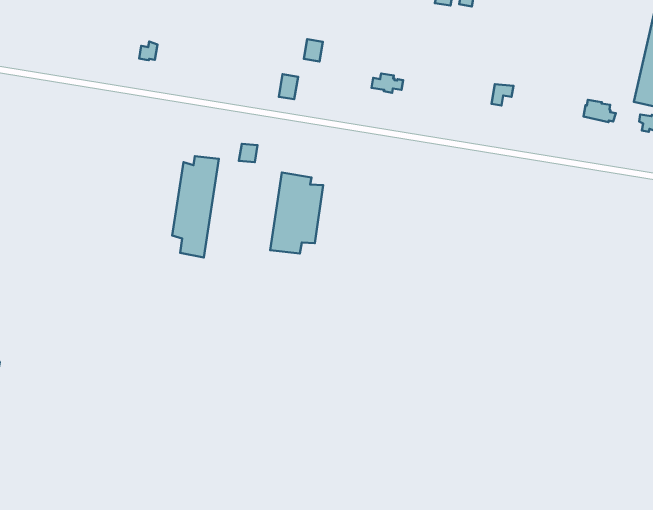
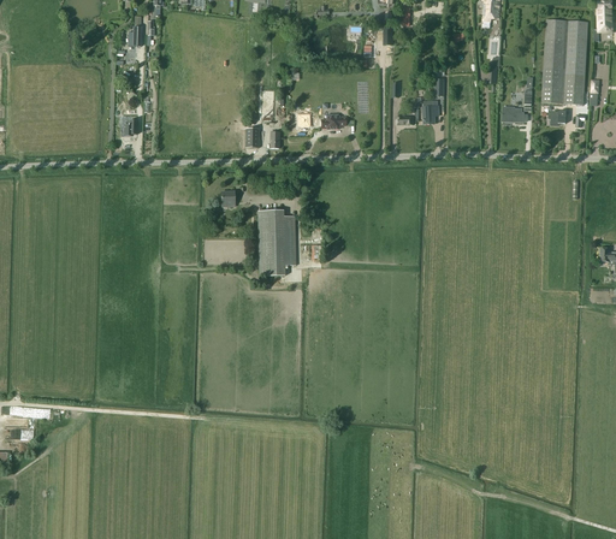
building: [172,156,219,257] -> none

